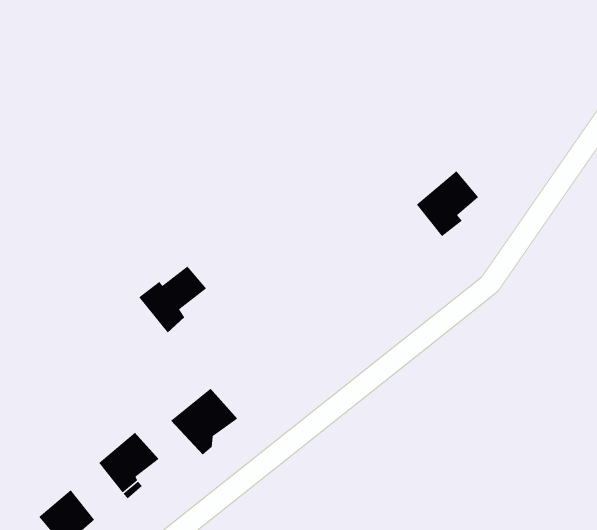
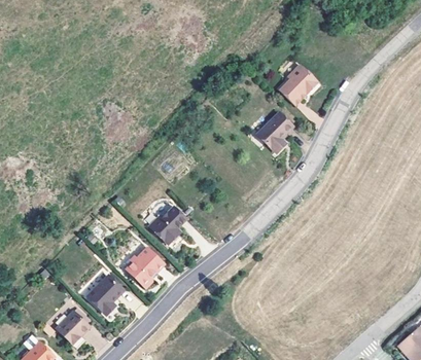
building: none -> [280,64,319,103]
building: [138,265,207,334] -> [149,206,188,246]

